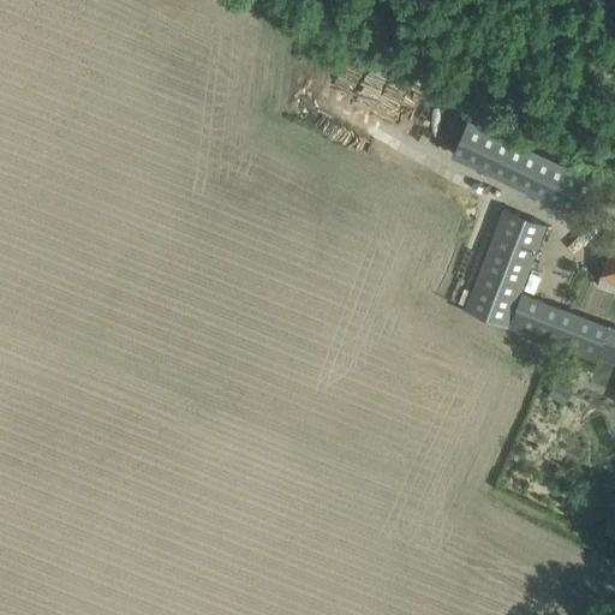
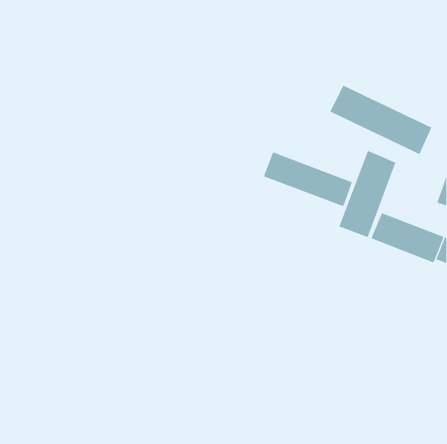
building: none -> [264,152,352,207]

